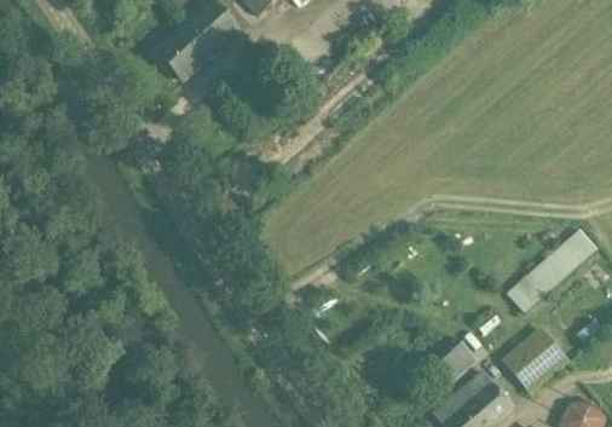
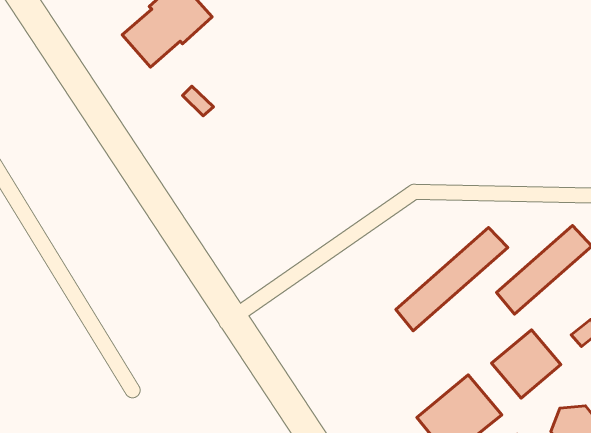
building: none -> [396,227,508,331]
building: [434,339,477,381] -> none

